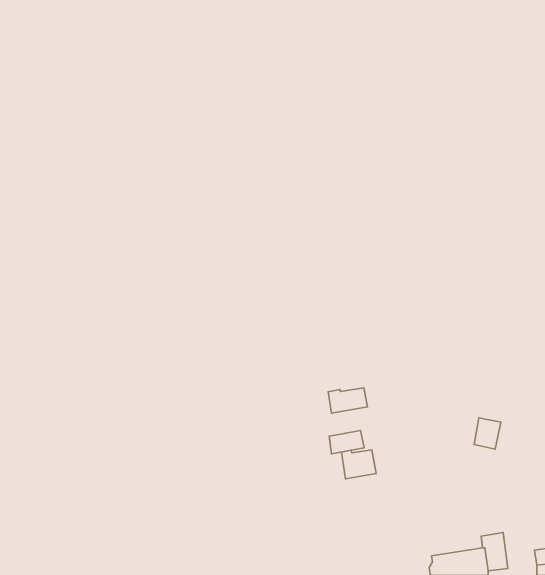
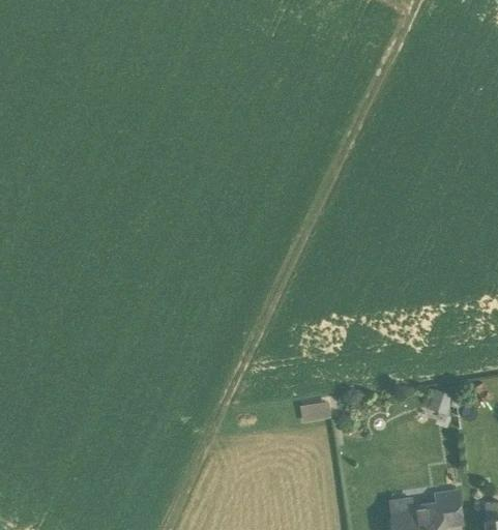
building: [328,388,368,413] -> none
building: [341,450,376,479] -> none

